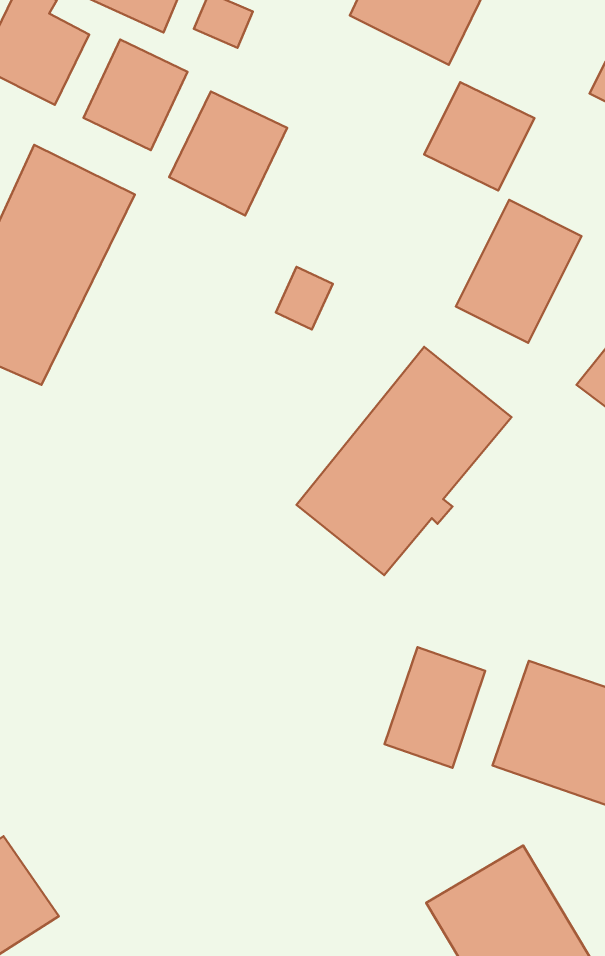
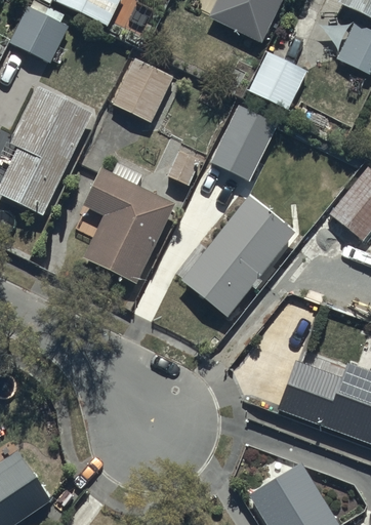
building: [84,40,187,150] -> none
building: [456,200,581,343] -> [210,105,278,181]
building: none -> [77,162,175,282]
building: [385,647,485,768] -> none

